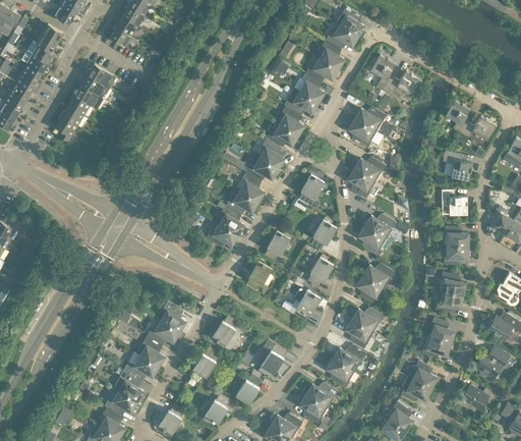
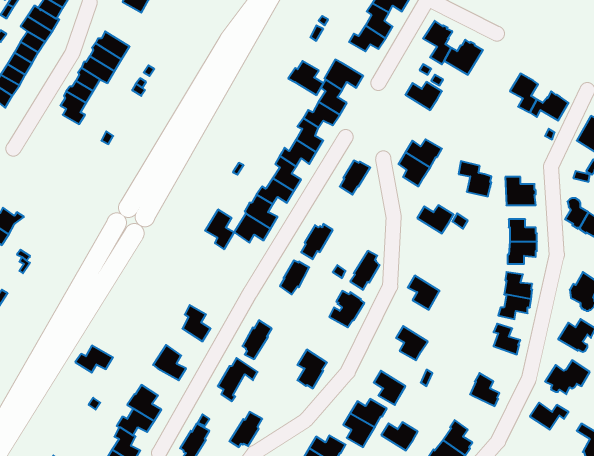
building: [293,72,324,102] -> [288,61,323,95]
building: [348,118,375,148] -> none
building: [443,150,471,180] -> [459,161,491,196]
building: [309,216,335,250] -> none
building: none -> [205,209,234,249]
building: [358,225,386,255] -> none
building: [362,263,395,288] -> none
building: [352,307,384,332] -> none
building: [147,321,178,344] -> none
building: [421,335,451,357] -> none
building: [333,346,364,371] -> [381,422,418,450]
building: [125,355,158,379] -> [75,346,113,373]
building: [235,373,262,402] -> none
building: [401,376,431,400] -> none

